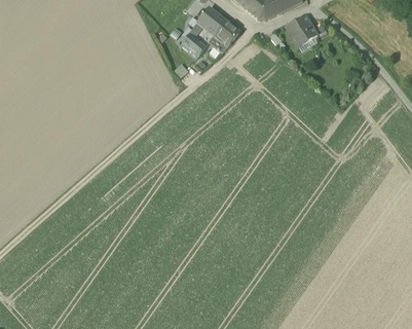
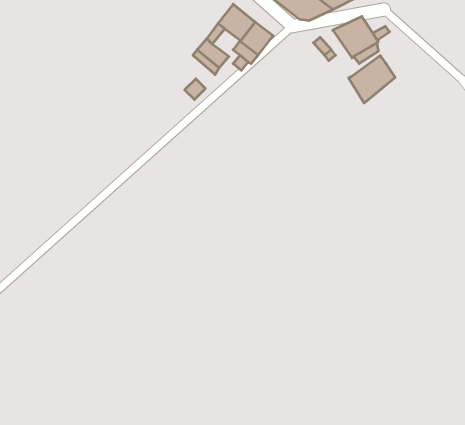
building: none -> [349,56,395,103]

